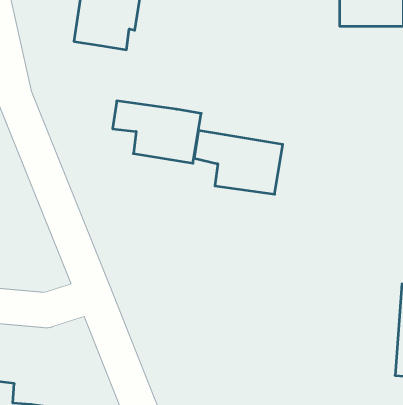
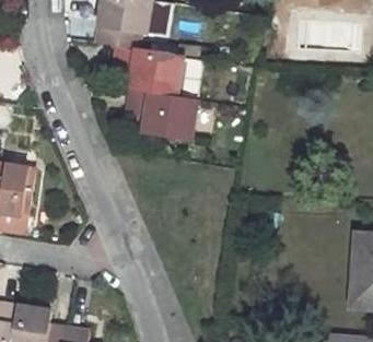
building: [194,131,283,194] -> [114,45,184,95]

